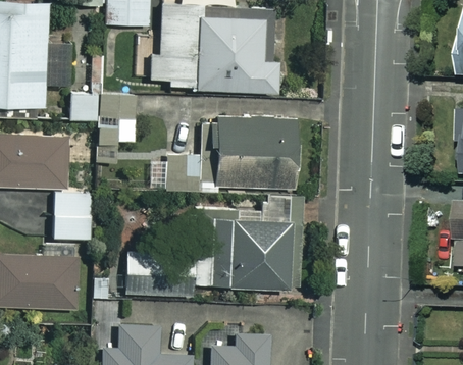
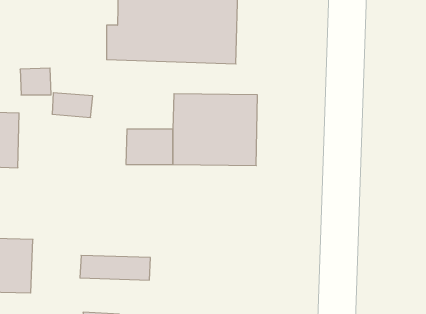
building: [54,191,93,239] -> none
building: [198,196,299,290] -> none

